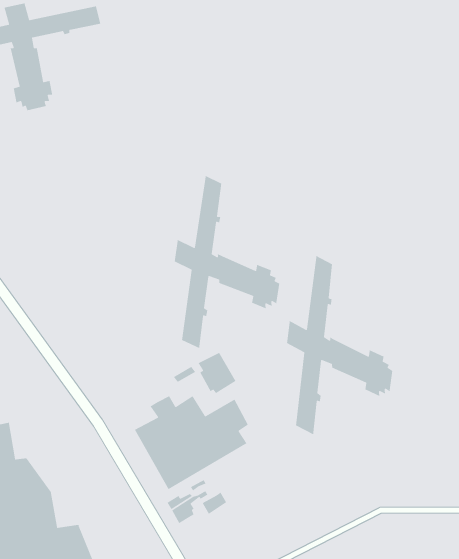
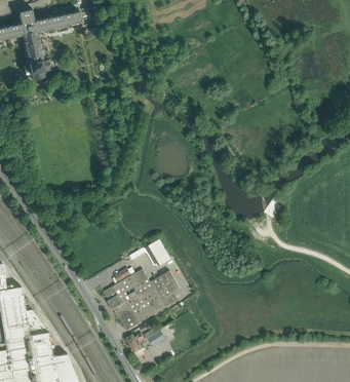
building: [174,175,280,349] -> none
building: [286,255,393,435] -> none

